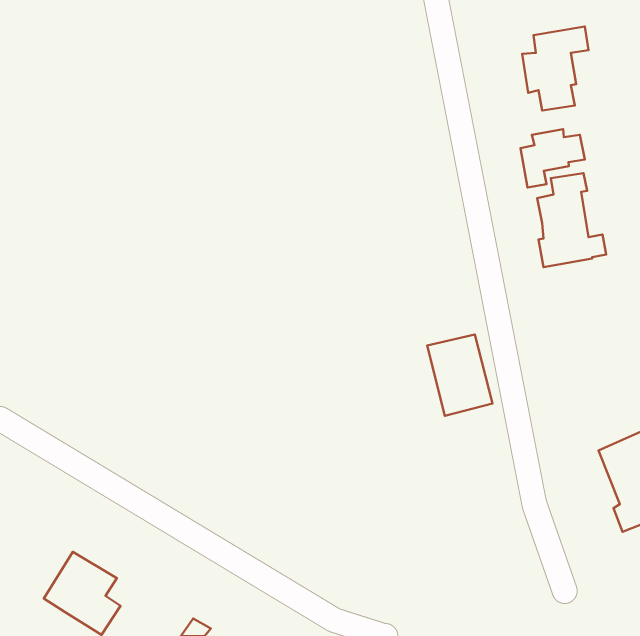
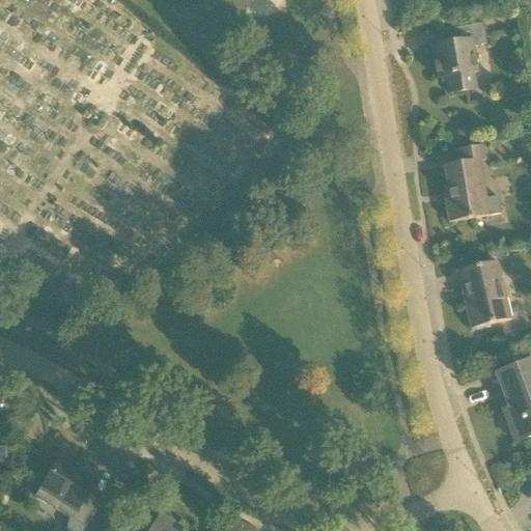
building: [521,129,585,188] -> none
building: [427,334,493,416] -> [457,259,511,327]

